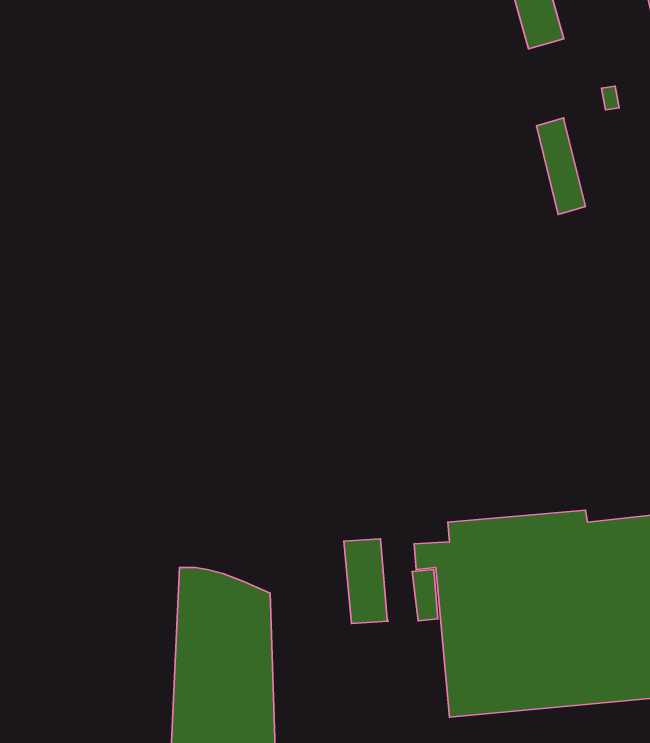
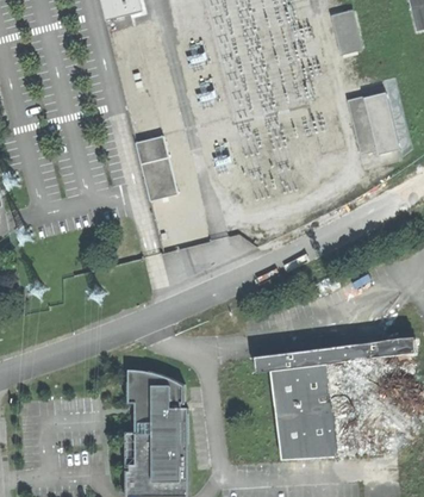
building: none -> [361,94,397,156]
building: none -> [136,137,179,201]
building: [344,539,388,623] -> none

